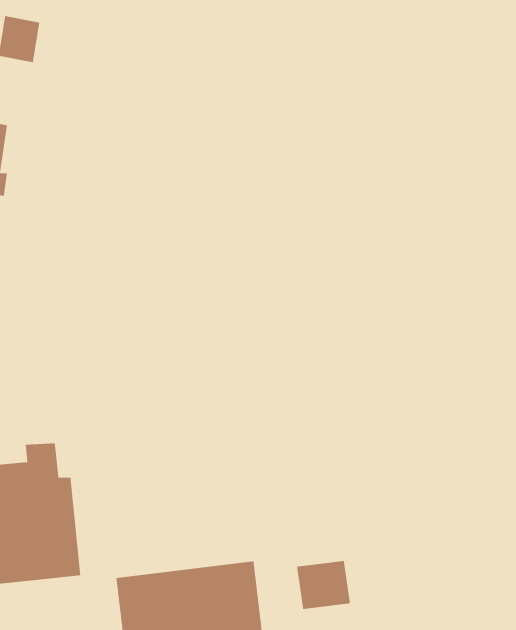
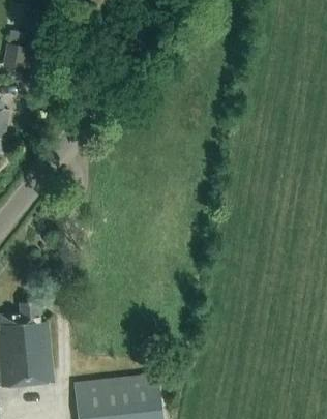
building: [296,560,351,610] -> none

